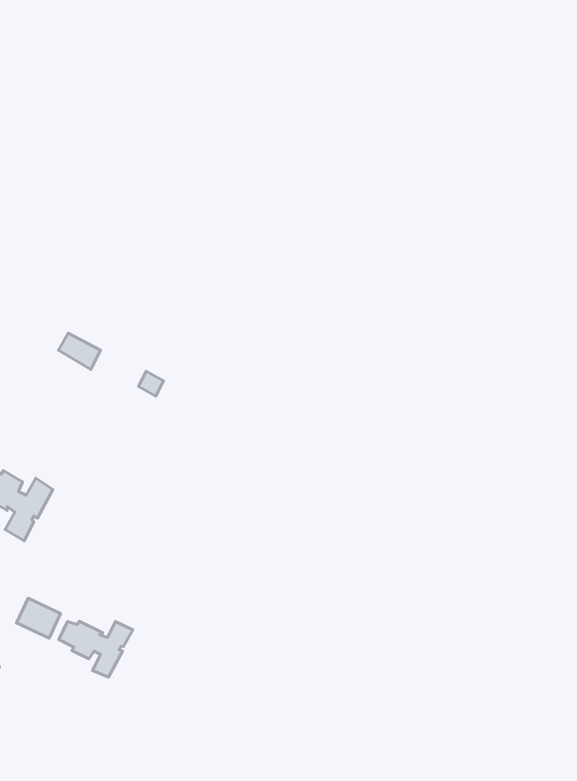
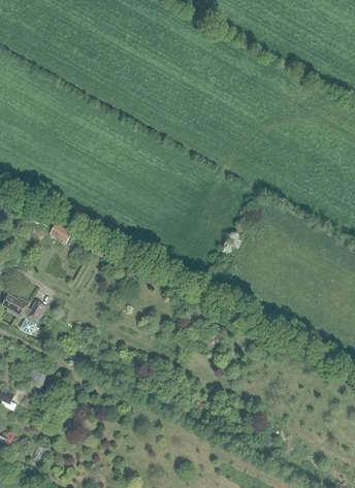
building: [59,621,133,677] -> none

